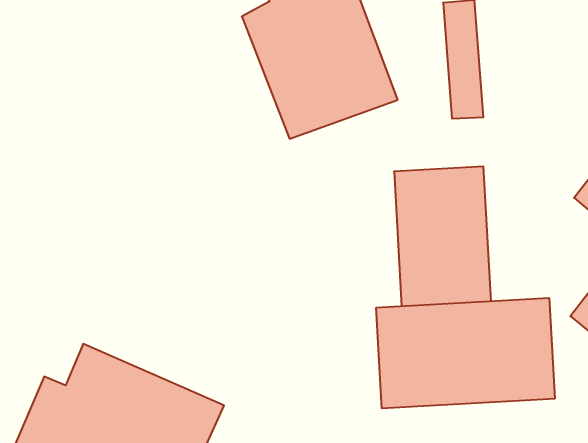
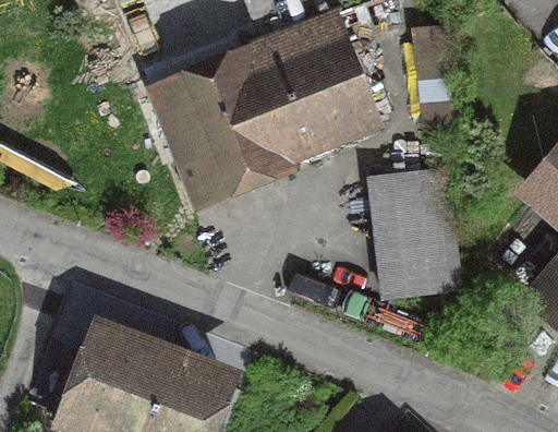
building: none -> [145,44,284,188]
building: [376,298,555,408] -> none

